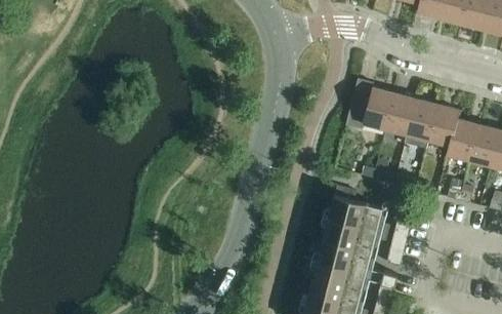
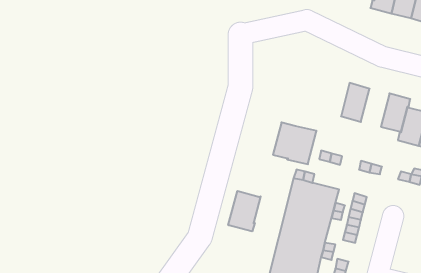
building: [347,84,394,129] -> [273,122,317,164]
building: [405,100,437,149] -> none
building: none -> [228,191,261,231]

